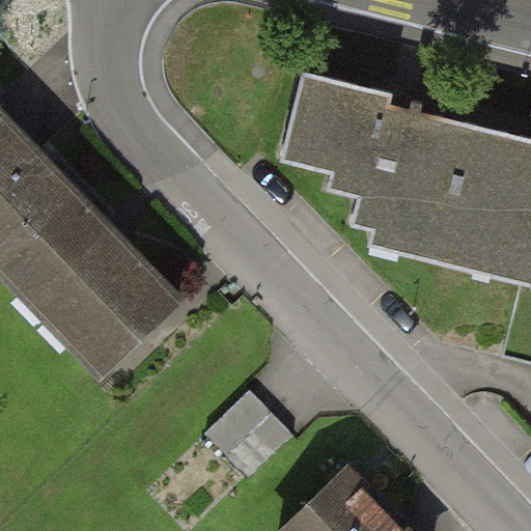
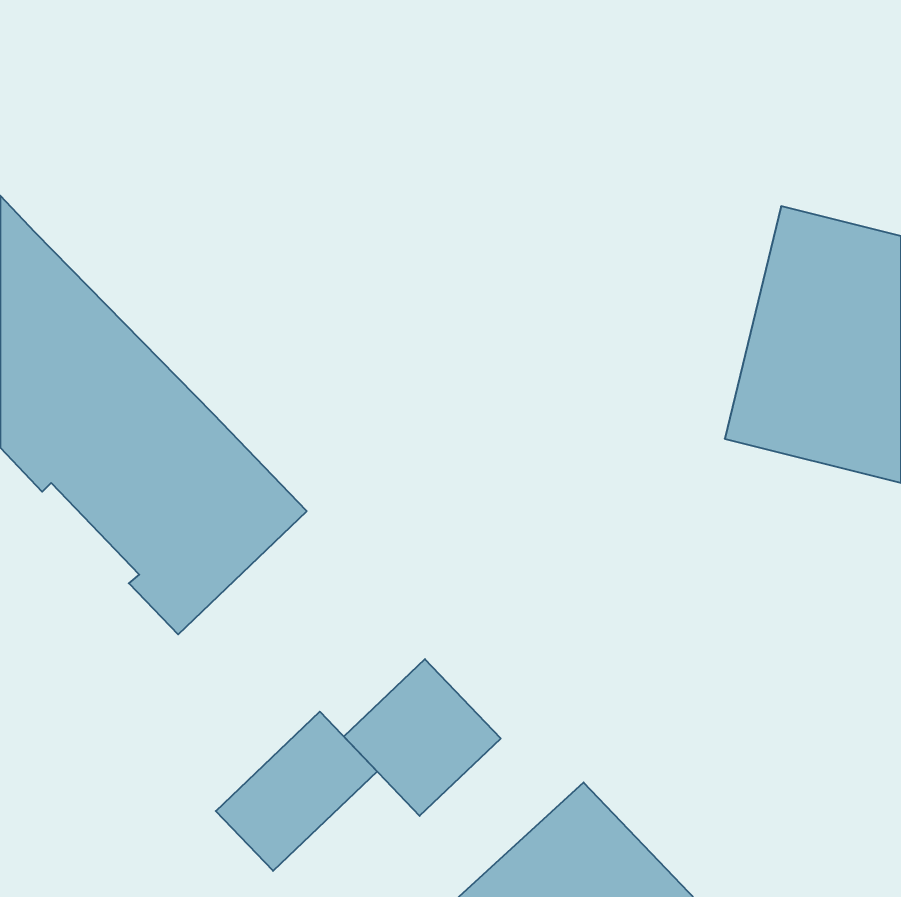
building: [288,75,459,260] -> none
building: none -> [216,712,377,871]

